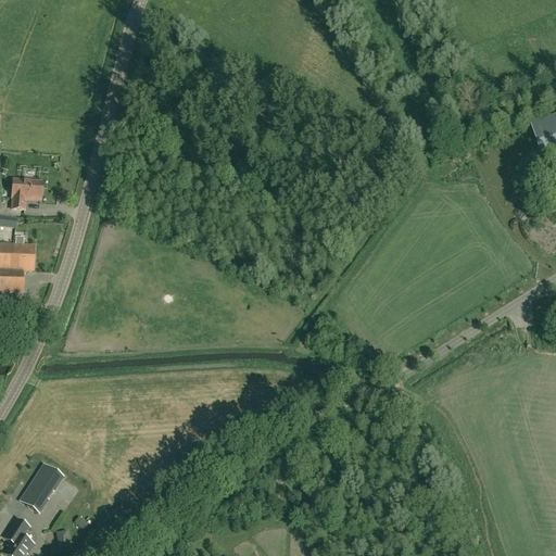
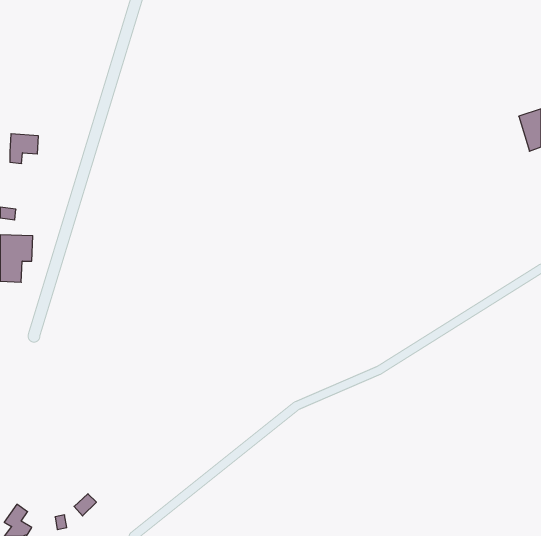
building: [12,177,41,207] -> [10,134,38,163]
building: [20,468,59,510] -> none

